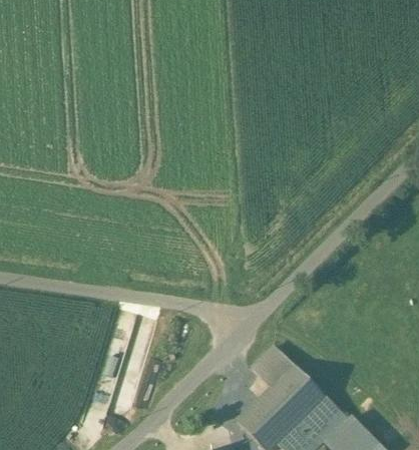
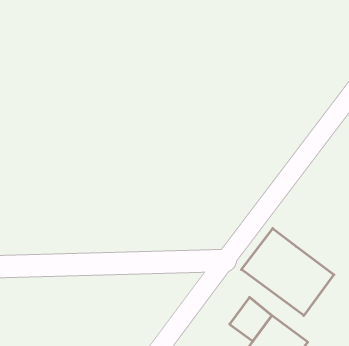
building: none -> [241,228,334,316]

